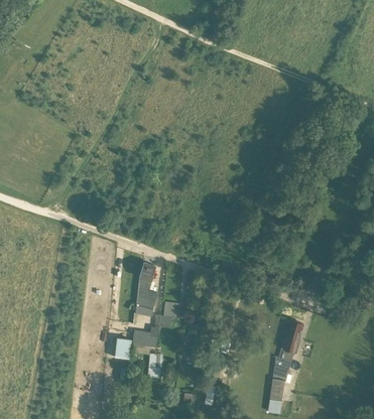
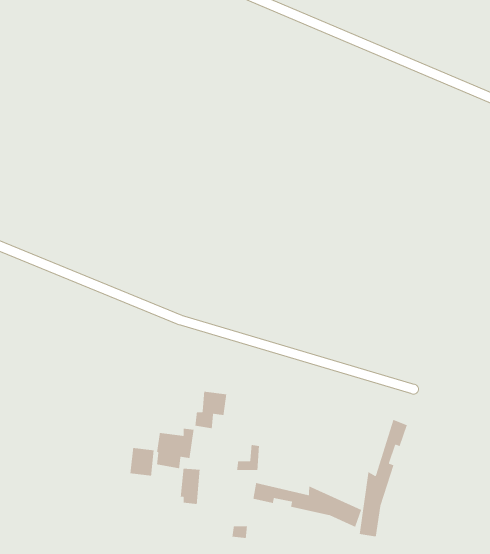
building: [135,261,157,315] -> none
building: none -> [252,482,362,528]

